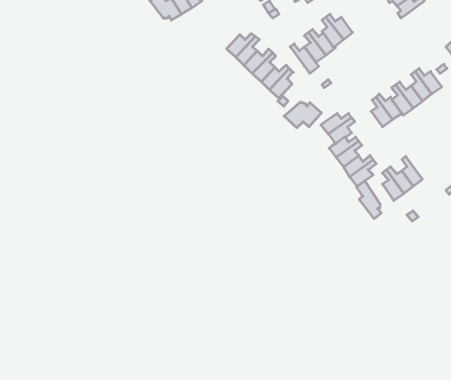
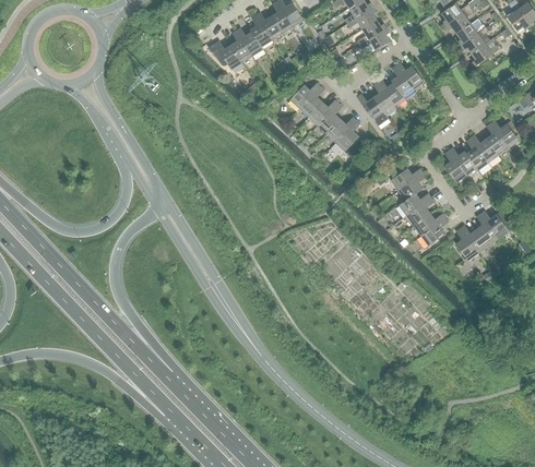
building: [284,102,321,128] -> none
building: none -> [480,209,513,238]
building: [356,181,381,219] -> none

